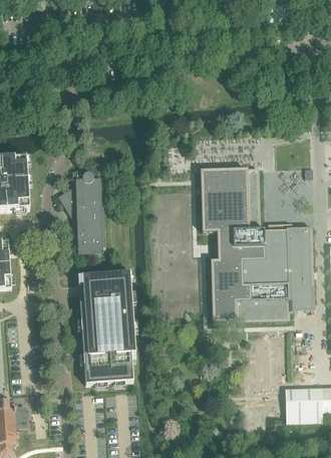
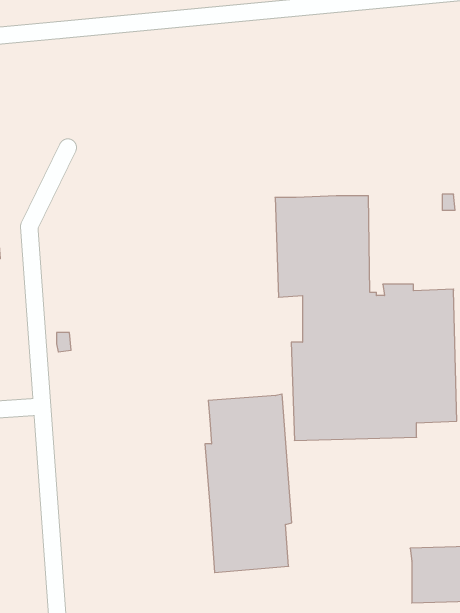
building: [59,161,105,252] -> none
building: [80,271,134,383] -> [205,394,292,573]

